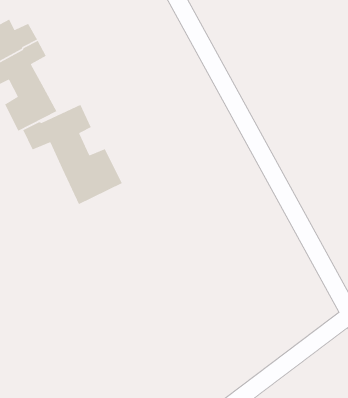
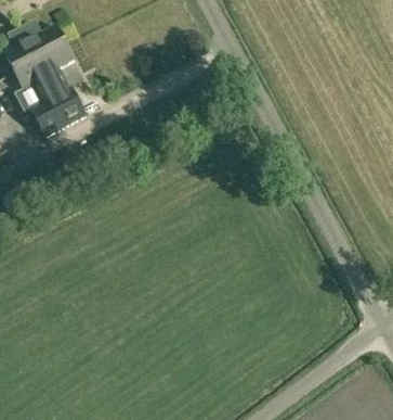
building: [22,104,123,205] -> none

